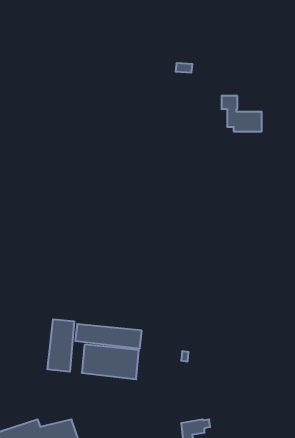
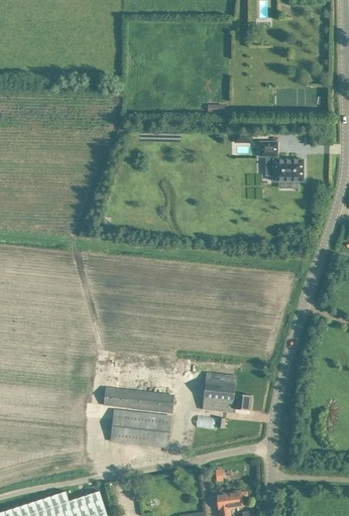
building: none -> [202,373,250,413]
building: [48,319,74,372] -> none

